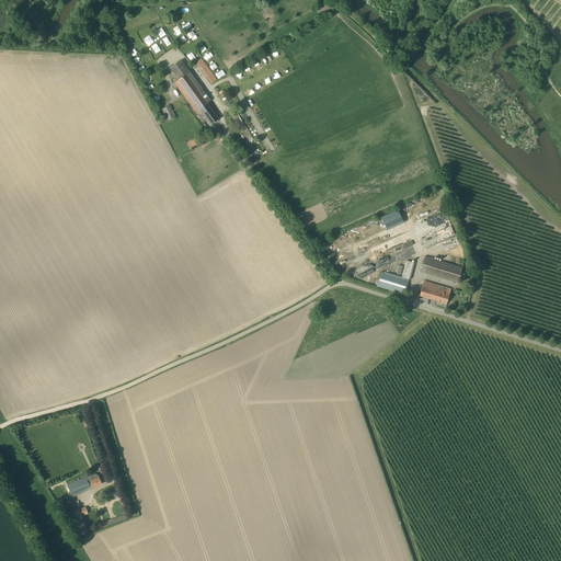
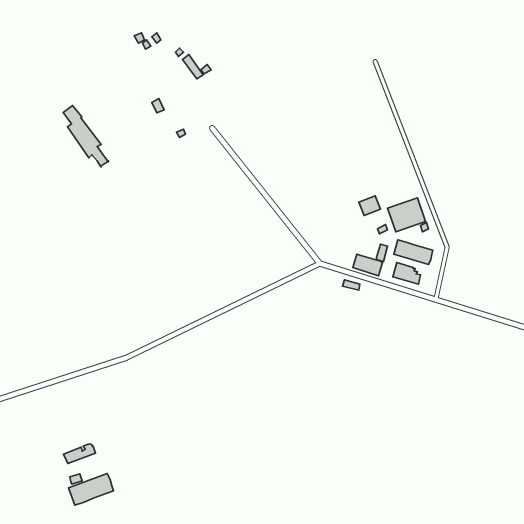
building: [171,59,219,125] -> [63,105,108,167]
building: none -> [69,473,114,505]

